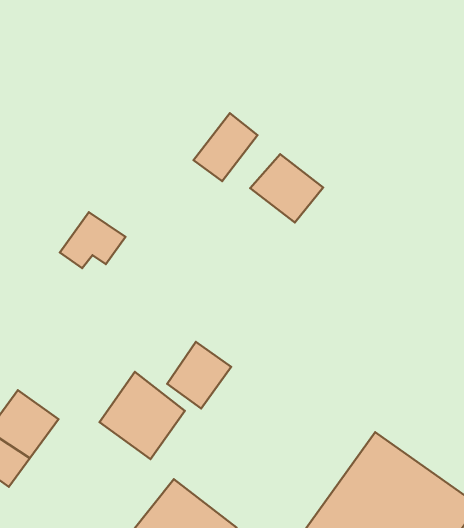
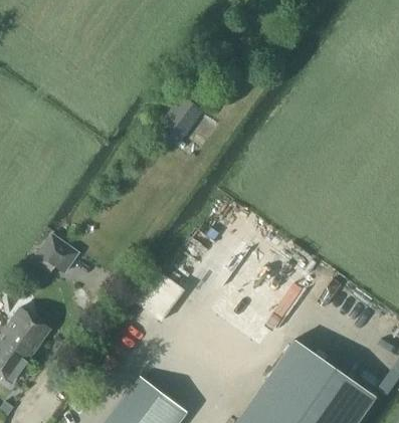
building: [250,154,323,222] -> none
building: [60,212,125,268] -> [29,233,79,276]
building: [100,372,185,459] -> none

